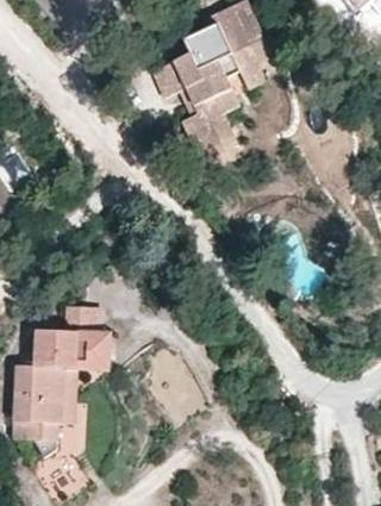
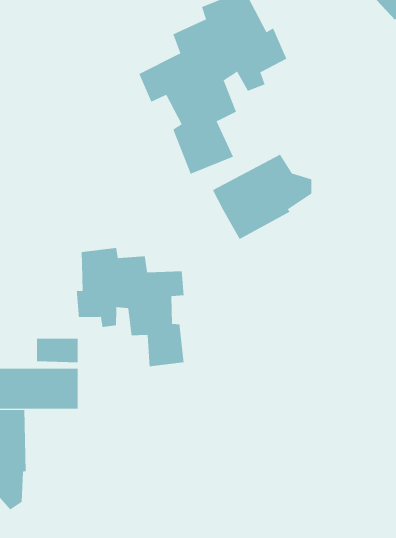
building: none -> [212,154,312,240]
building: none -> [76,247,184,367]

